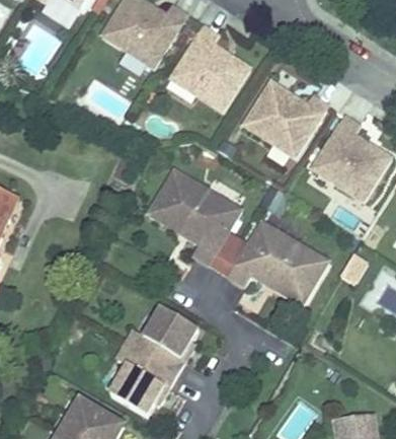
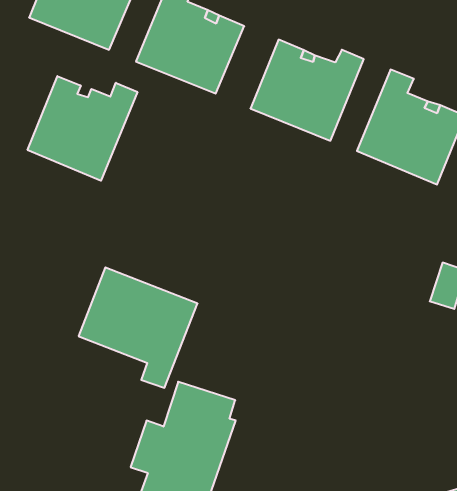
building: none -> [28,76,137,181]
building: [157,175,243,266] -> [79,267,198,388]
building: [231,223,324,303] -> none

